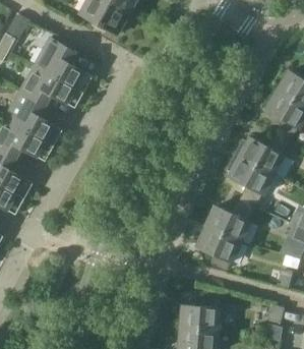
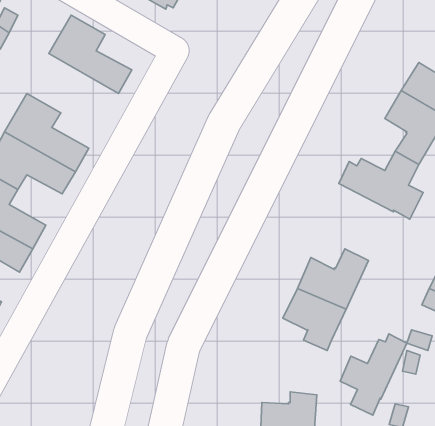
building: [20,65,83,109] -> none
building: [227,155,272,208] -> none
building: none -> [340,334,407,415]

